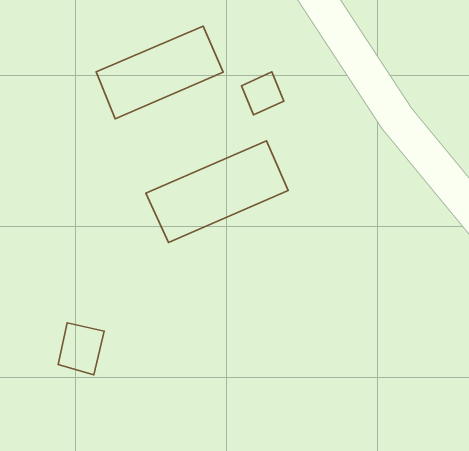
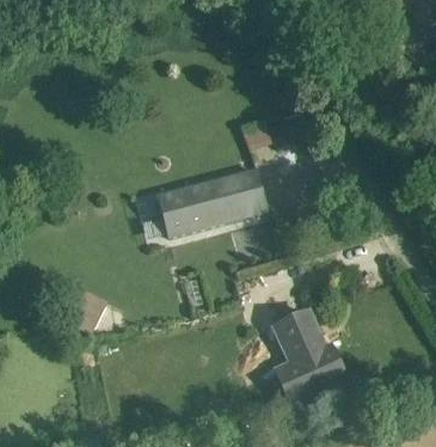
building: [96,26,223,119] -> none
building: none -> [266,310,345,402]

